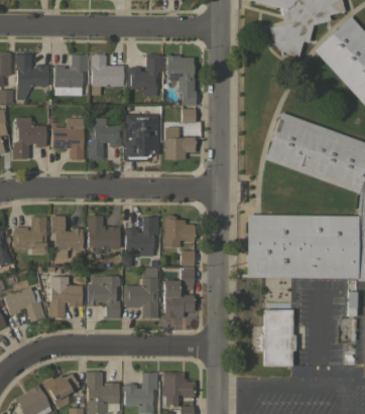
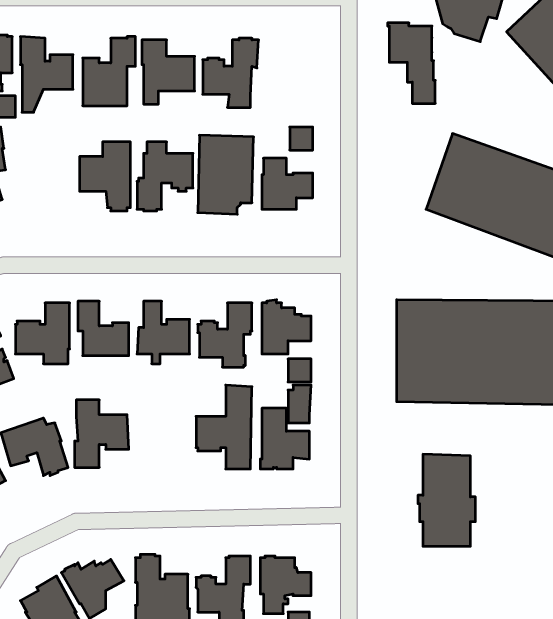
building: [166,55,196,105] -> [388,23,435,103]
building: [13,117,46,159] -> none
building: [88,276,120,318] -> none

